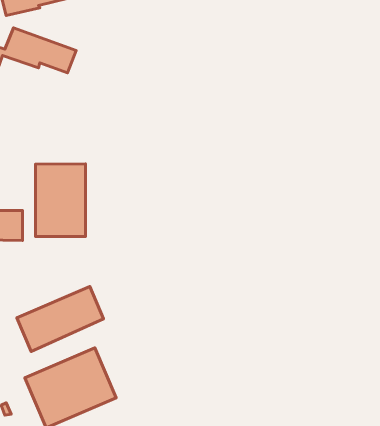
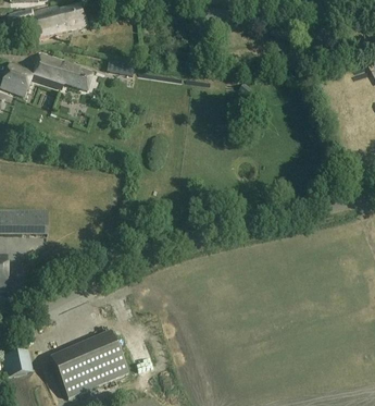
building: [36,164,86,237] -> none
building: [17,287,104,351] -> none

